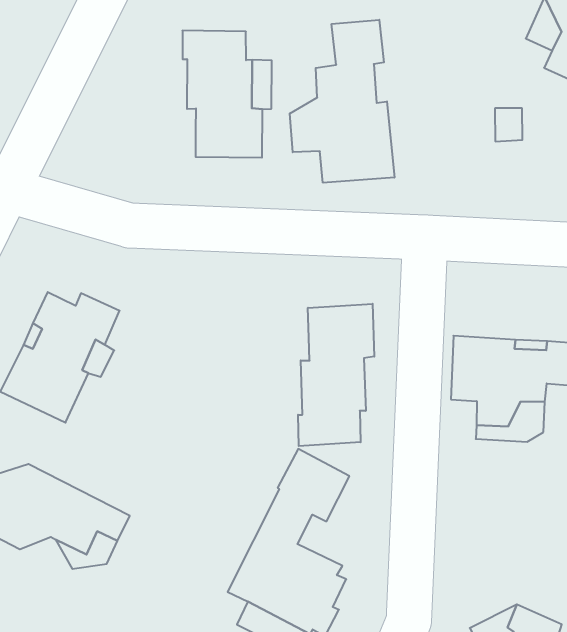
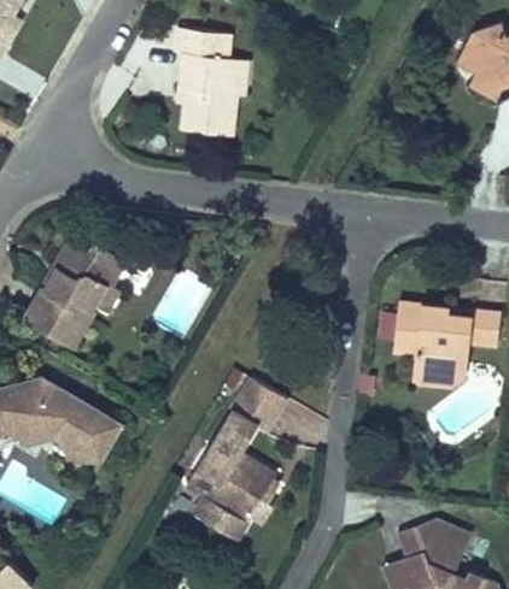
building: [290,20,394,183] -> none
building: [298,304,374,446] -> none

